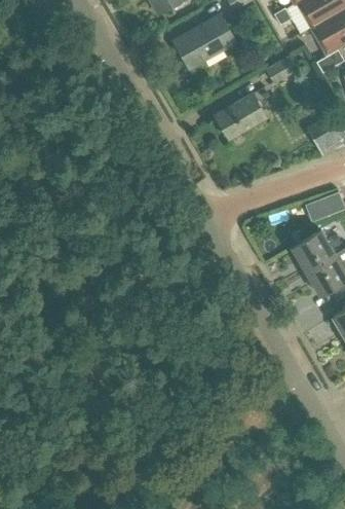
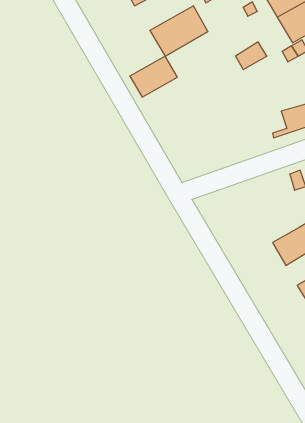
building: [215,94,266,138] -> [130,56,177,97]
building: [292,230,335,270] -> none

